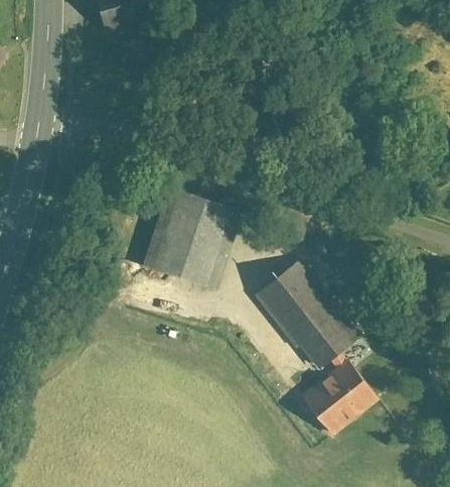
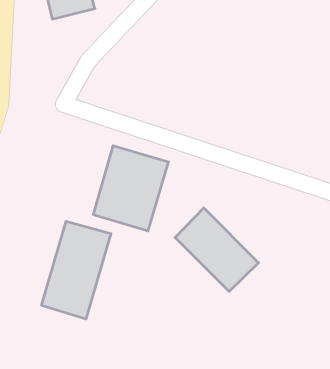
building: none -> [42,221,111,319]
building: [303,364,380,437] -> none

